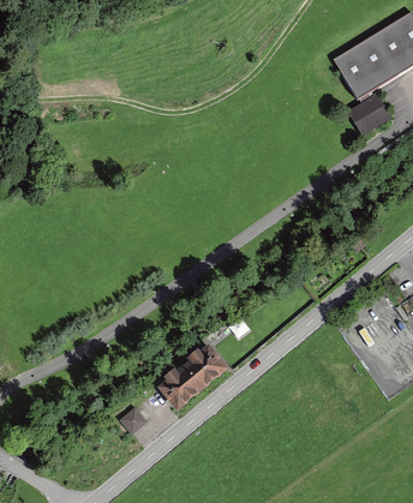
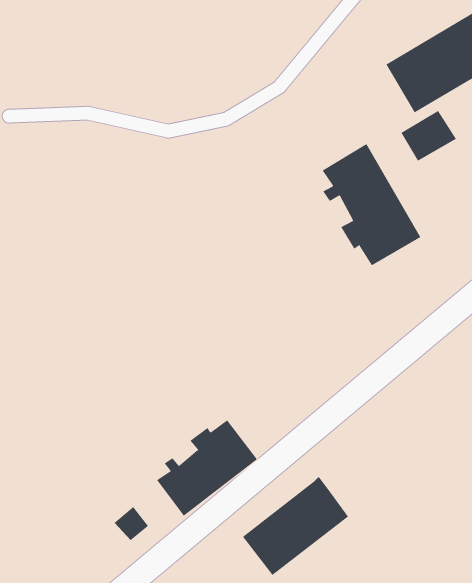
building: none -> [322,143,421,266]
building: none -> [242,476,349,576]

